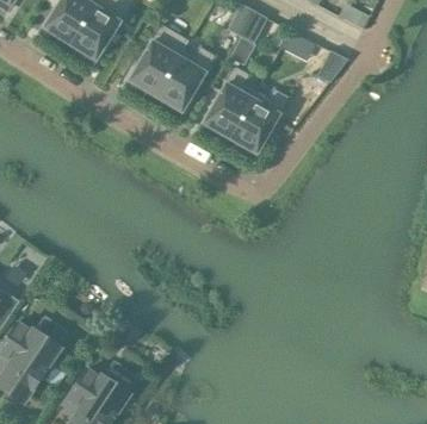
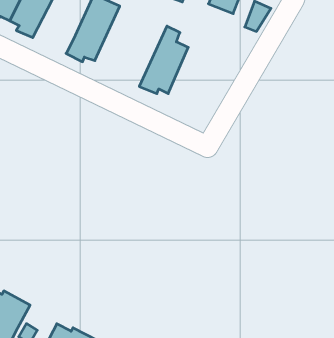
building: [155,40,214,117] -> none
building: [229,89,287,158] -> none

